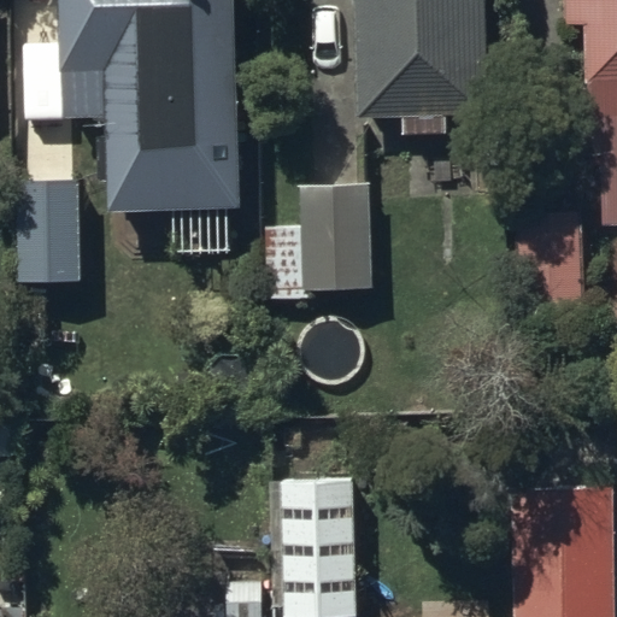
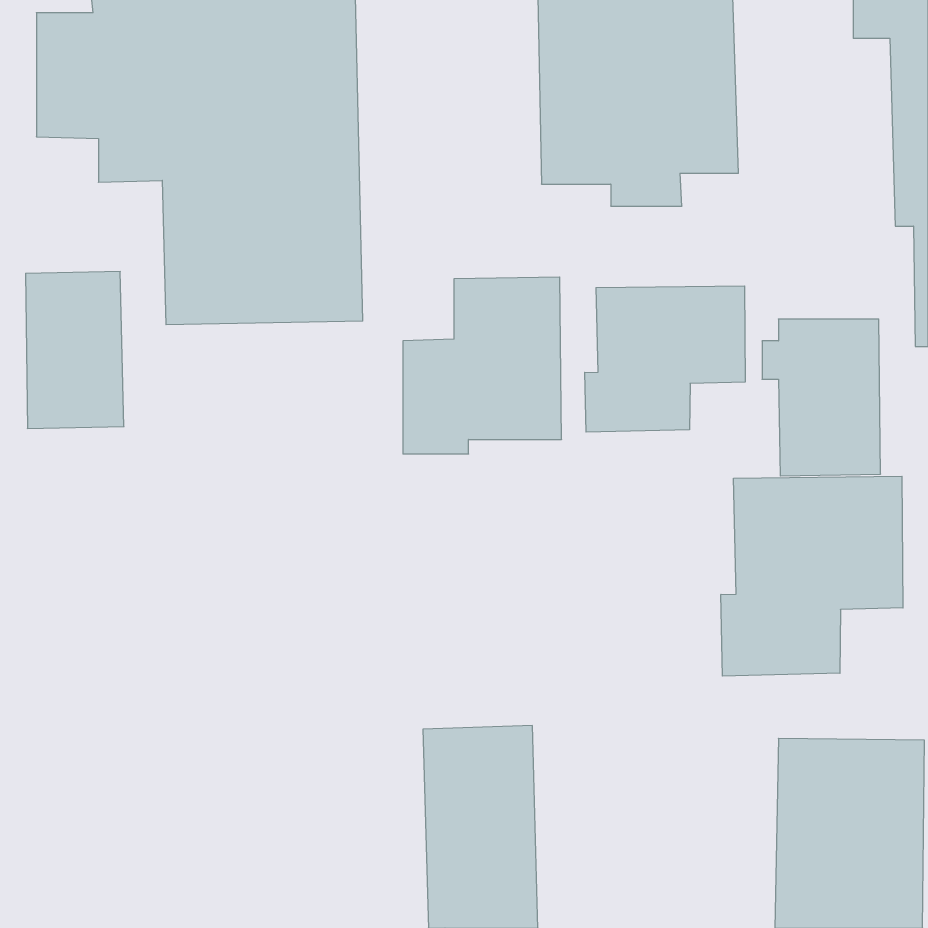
building: none -> [585,286,745,432]
building: none -> [721,476,903,676]

